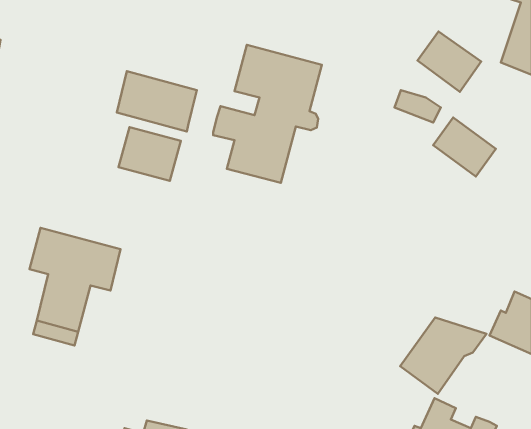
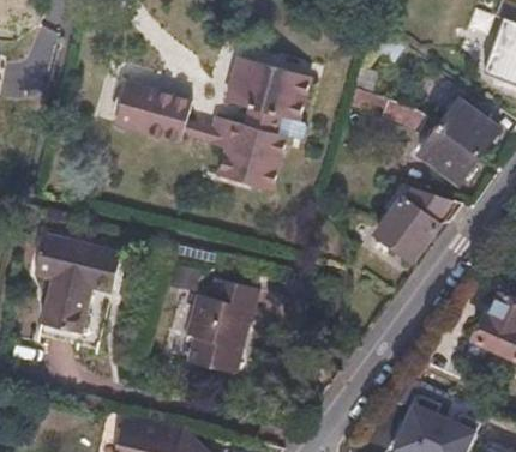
building: [417,32,481,92] -> [438,100,499,157]
building: [118,127,181,181] -> none
building: none -> [184,279,257,372]
building: [400,317,487,394] -> [377,187,460,260]

